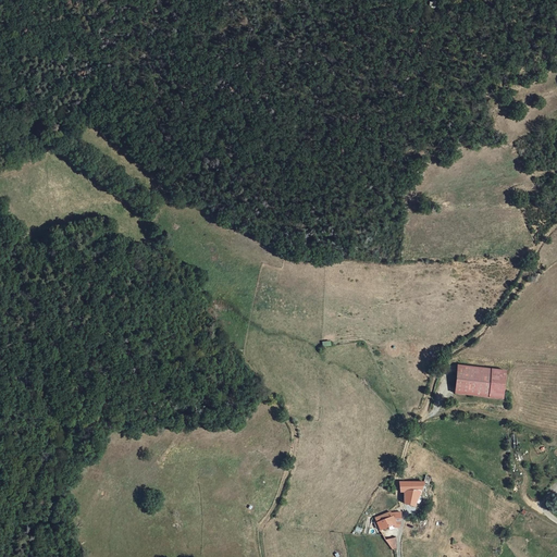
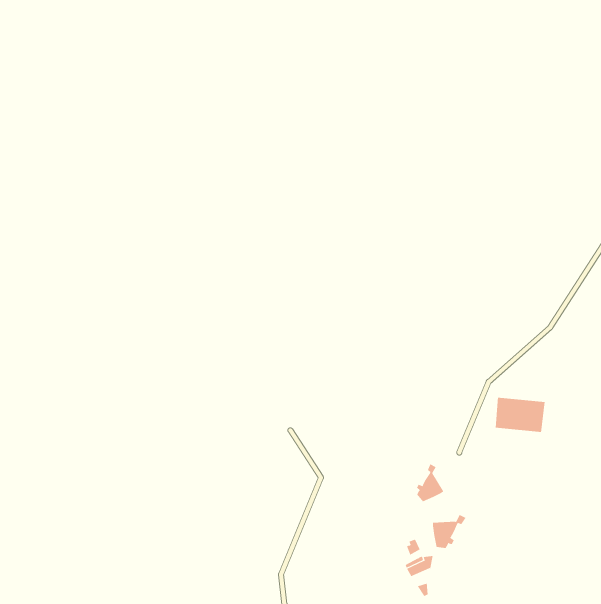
building: none -> [416,463,444,502]

